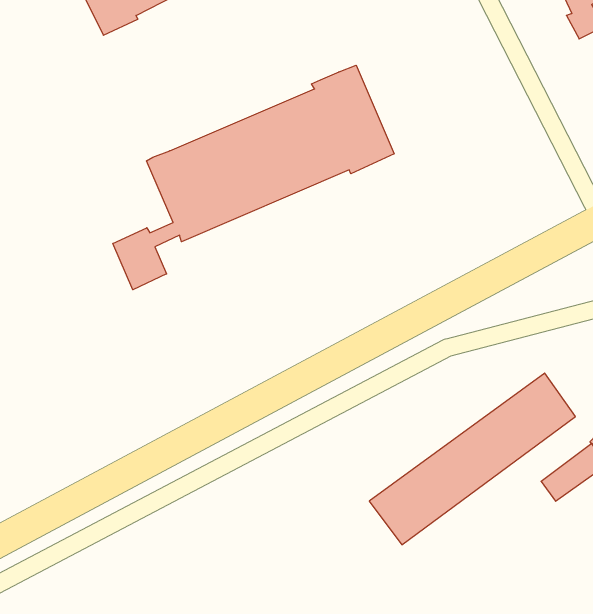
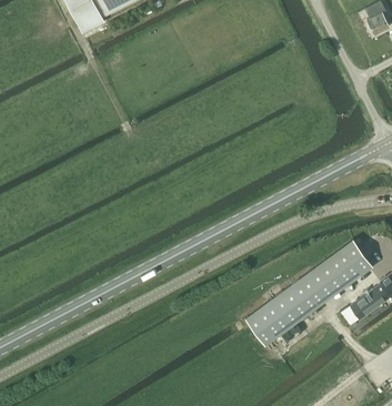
building: [113,65,394,290] -> none

